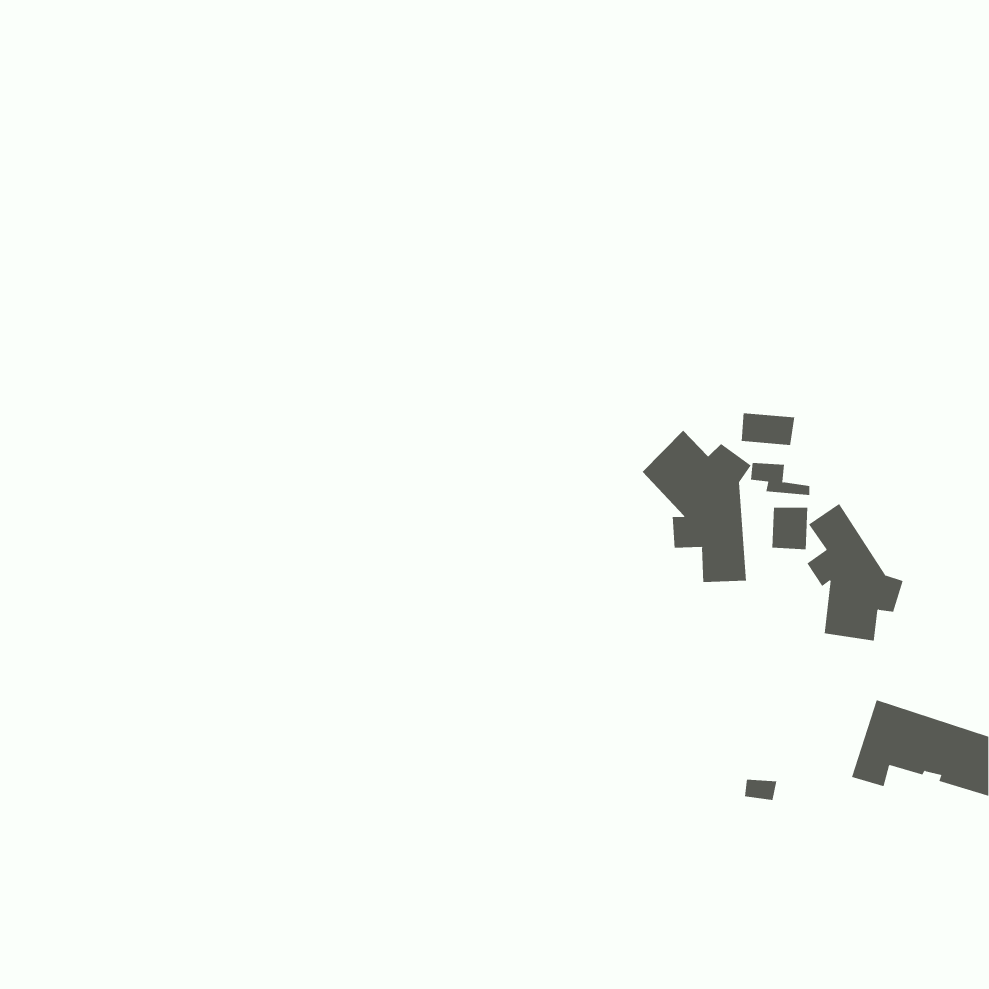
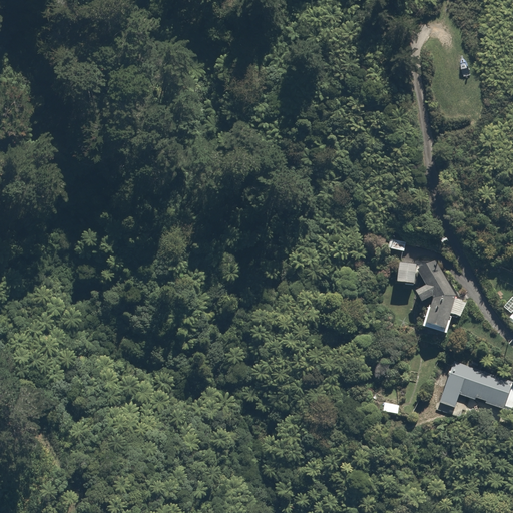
building: [741,413,795,446] -> none
building: [642,430,752,583] -> none

